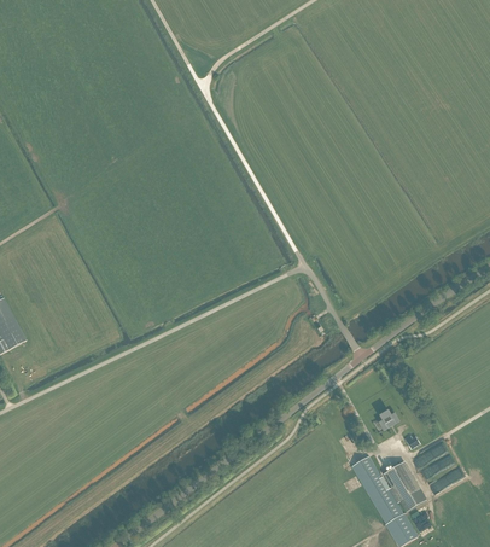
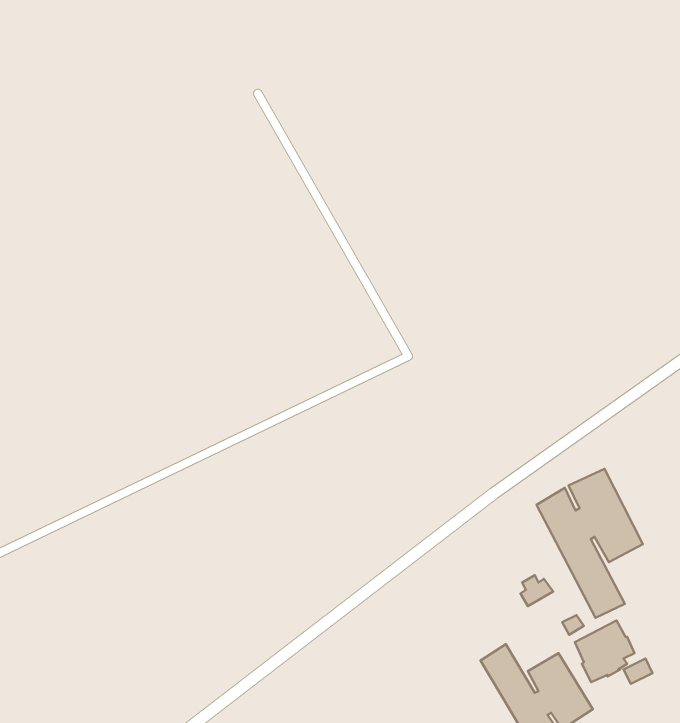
building: none -> [536,469,643,618]

